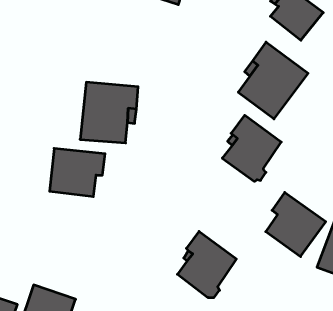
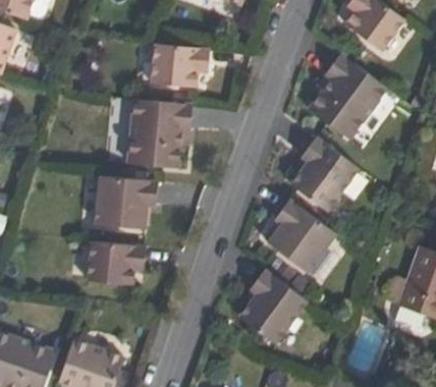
building: none -> [152,43,211,89]
building: [266,192,326,257] -> [269,200,337,273]
building: none -> [87,240,146,286]

